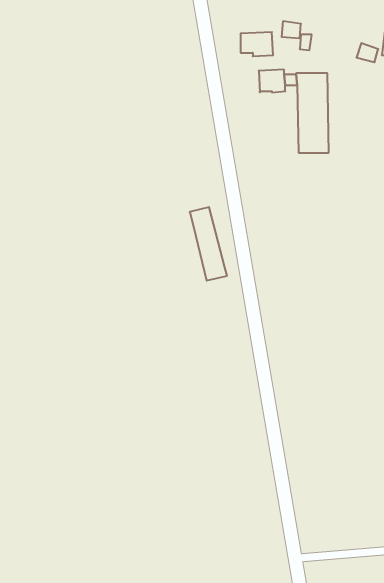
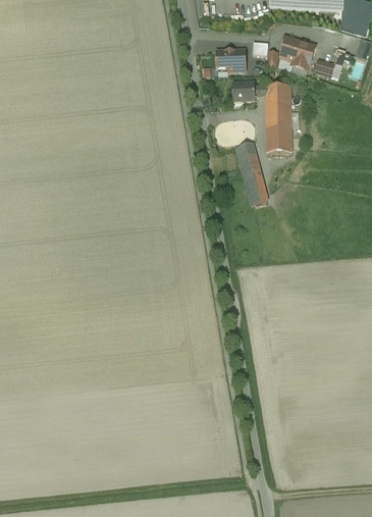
building: none -> [280,37,314,68]
building: [190,207,227,281] -> [235,143,267,205]

